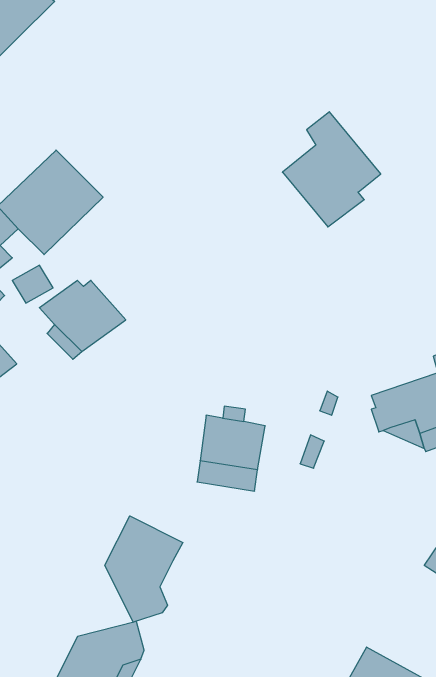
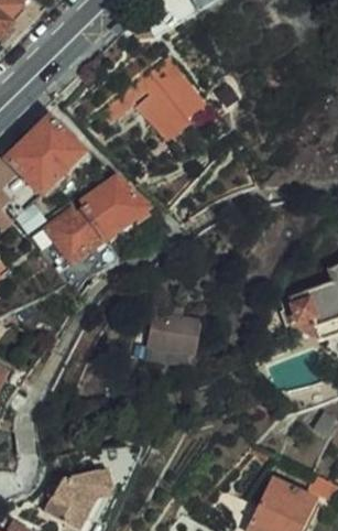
building: [282,112,381,227] -> [138,53,209,137]
building: none -> [73,175,146,241]
building: [105,516,183,622] -> none

